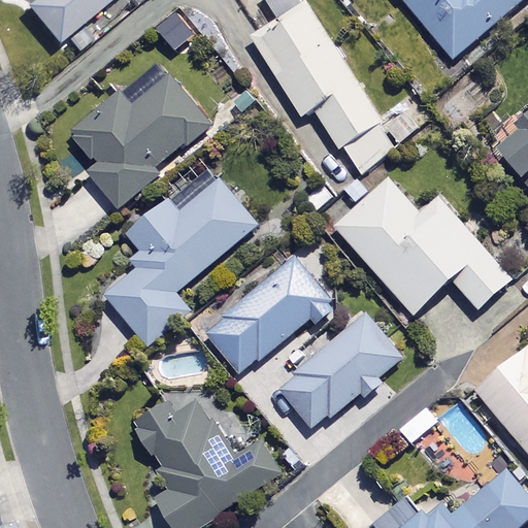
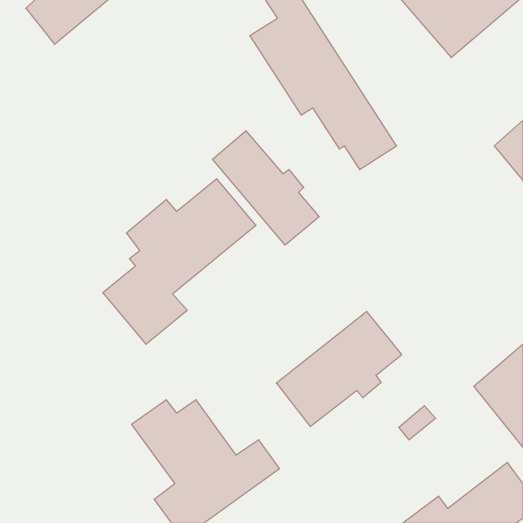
building: [71,68,209,209] -> none
building: none -> [213,131,319,245]
building: [335,178,510,312] -> none
building: [204,258,331,372] -> none

